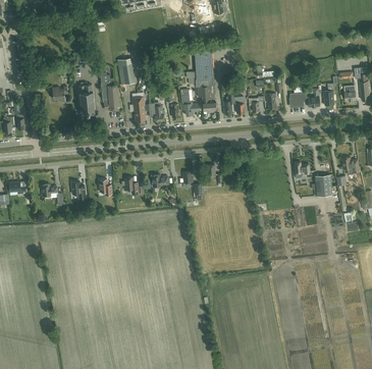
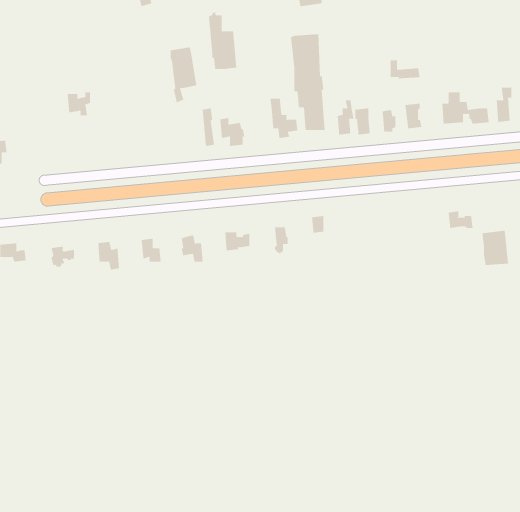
building: [101,73,119,110] -> [208,12,237,69]
building: [78,83,95,114] -> none

